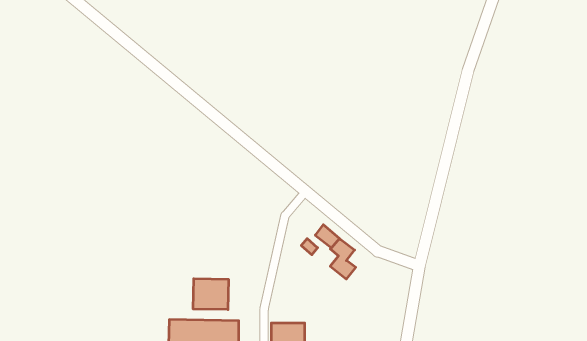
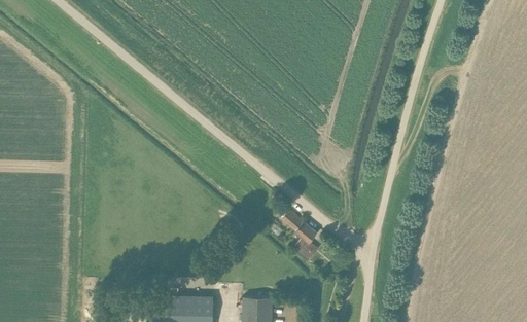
building: [193,279,228,310] -> none

